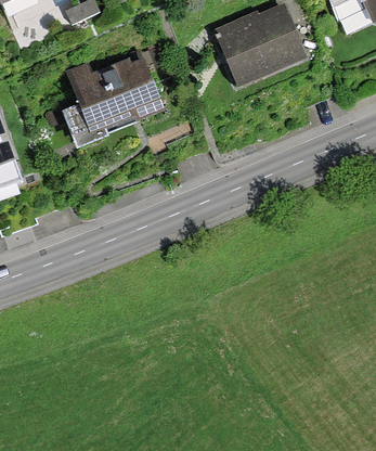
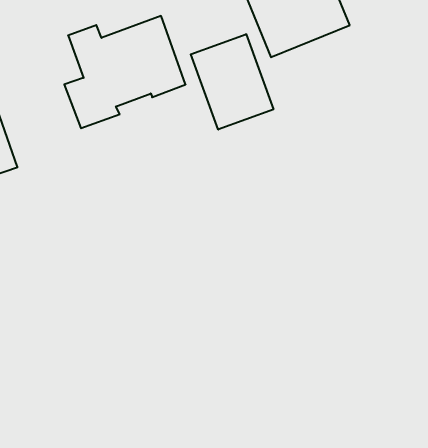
building: none -> [191,34,273,130]

